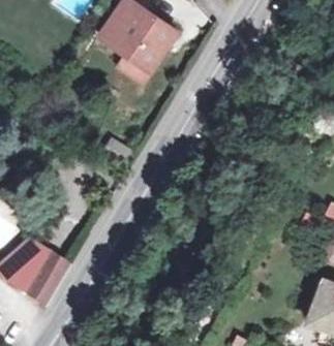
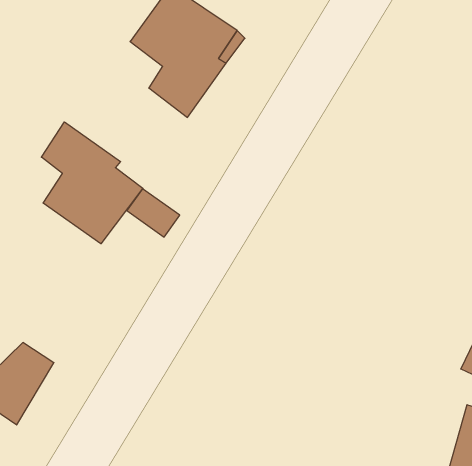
building: none -> [41,122,143,244]
building: [25,251,70,306] -> none

